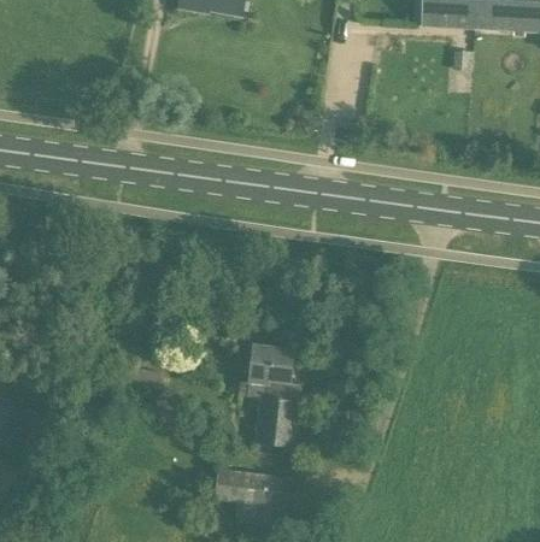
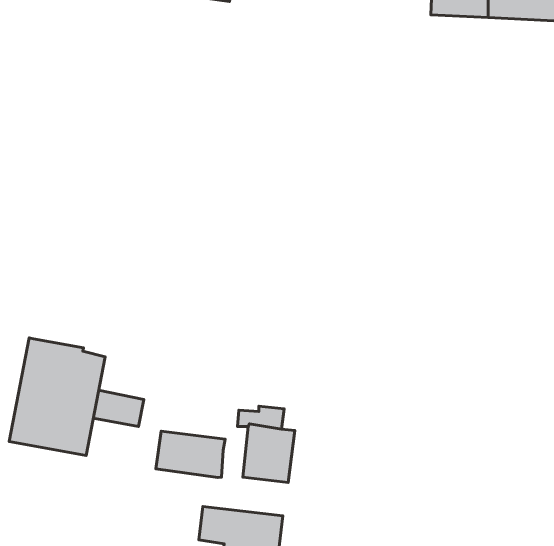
building: none -> [9,338,105,456]
building: [248,347,292,383] -> none
building: none -> [156,431,225,478]

